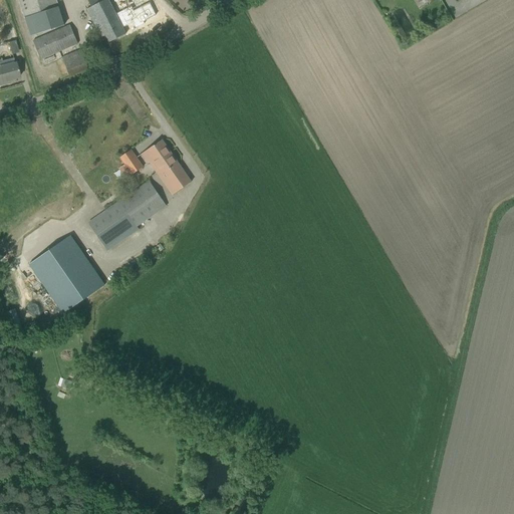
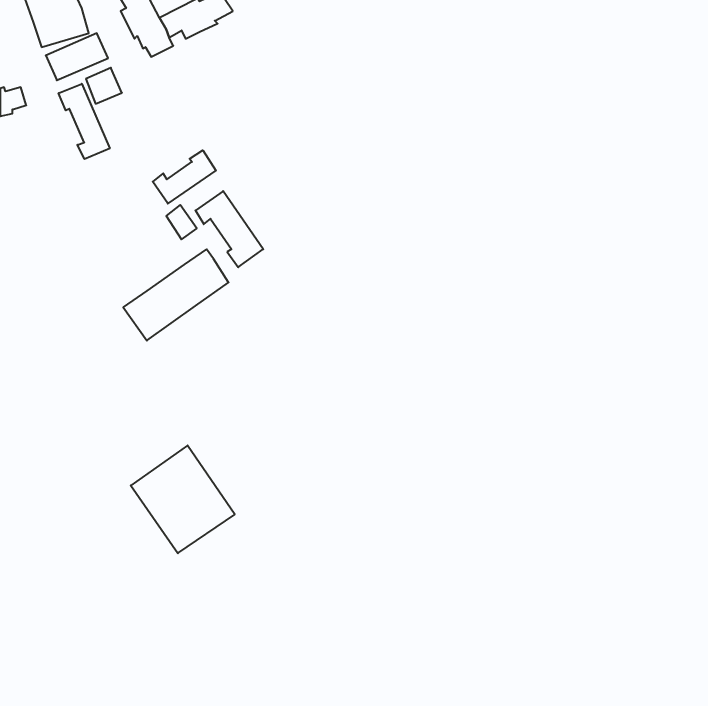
building: none -> [59,84,110,159]
building: none -> [153,150,216,204]
building: [29,234,104,312] -> [131,445,235,553]

